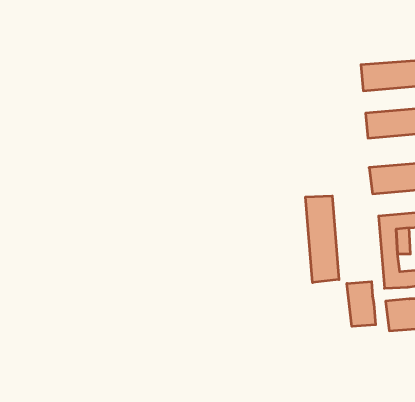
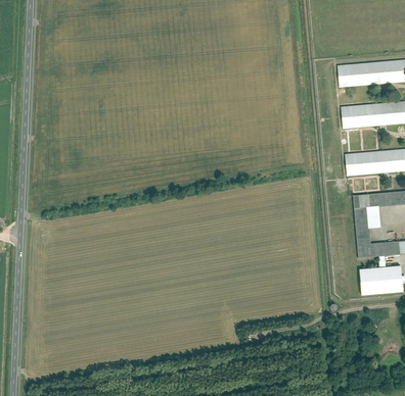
building: [306,196,339,283] -> none
building: [347,282,376,326] -> none

